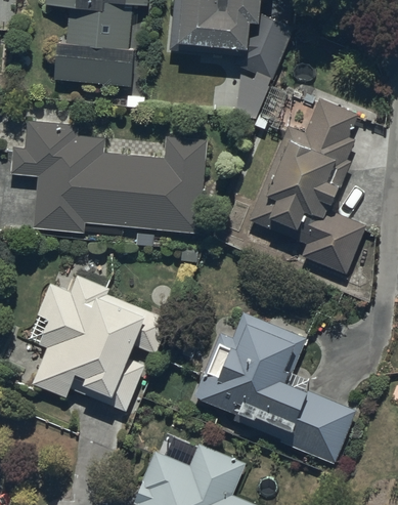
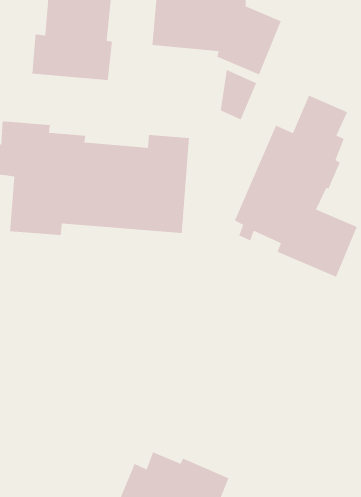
building: [34,276,171,411] -> none
building: [194,312,356,463] -> none

